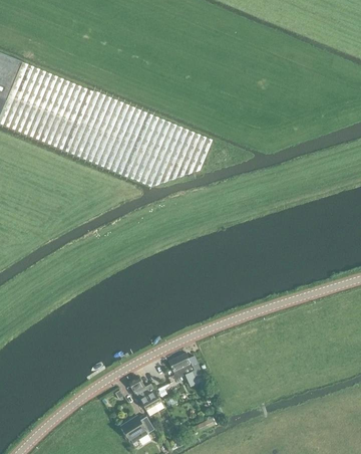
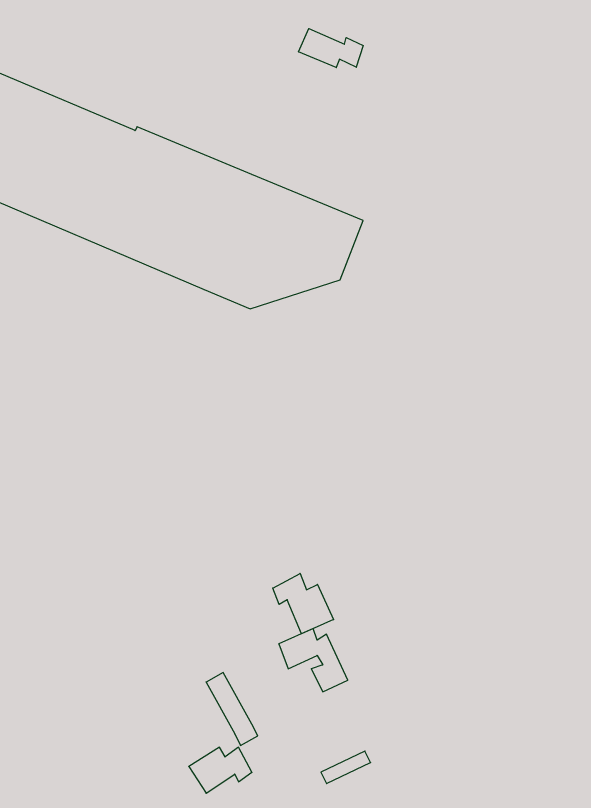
building: none -> [299,29,363,68]
building: none -> [273,573,334,634]

